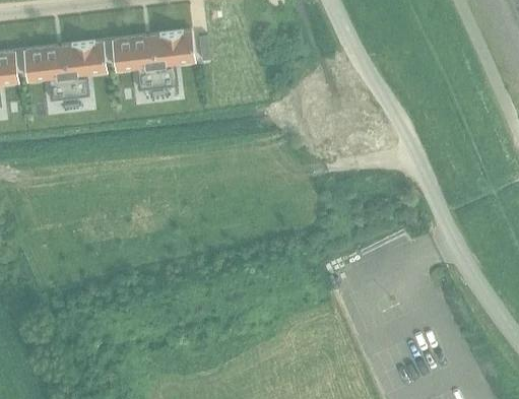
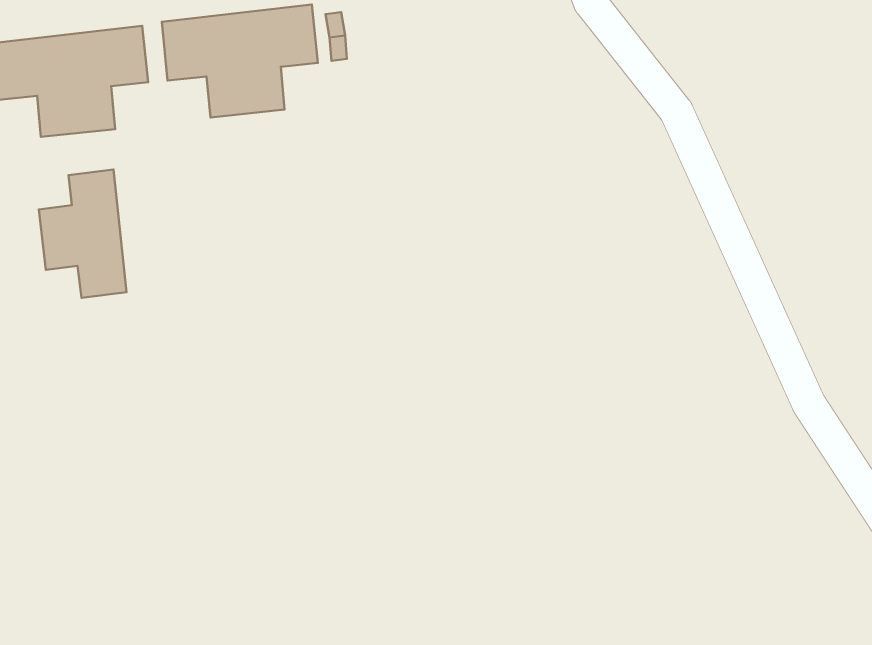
building: none -> [39,169,127,298]

